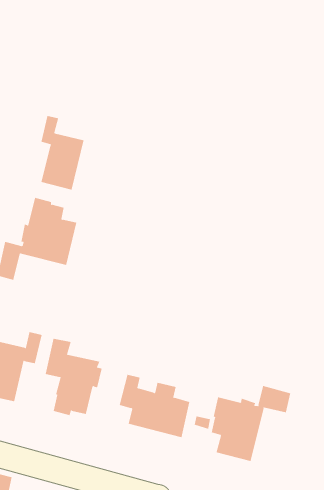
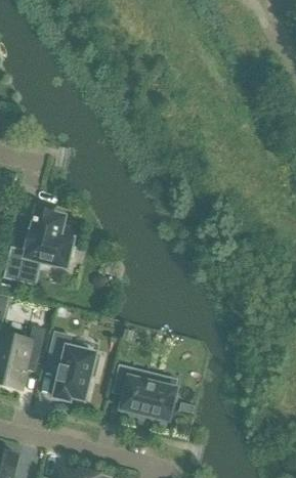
building: [41,115,84,190] -> none
building: [211,385,291,462] -> none

